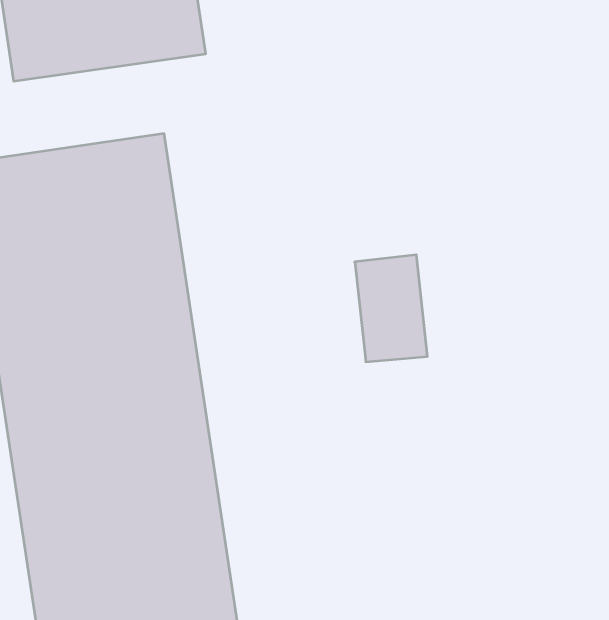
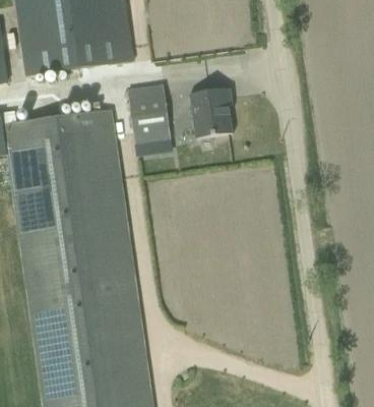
building: none -> [190,89,233,136]
building: [355,255,427,362] -> [138,86,179,147]

